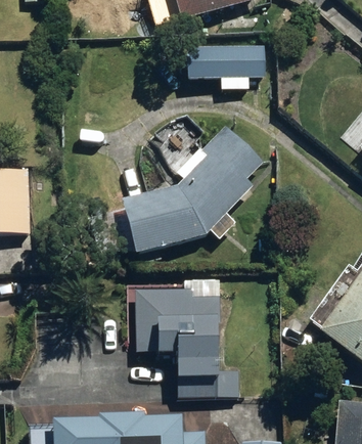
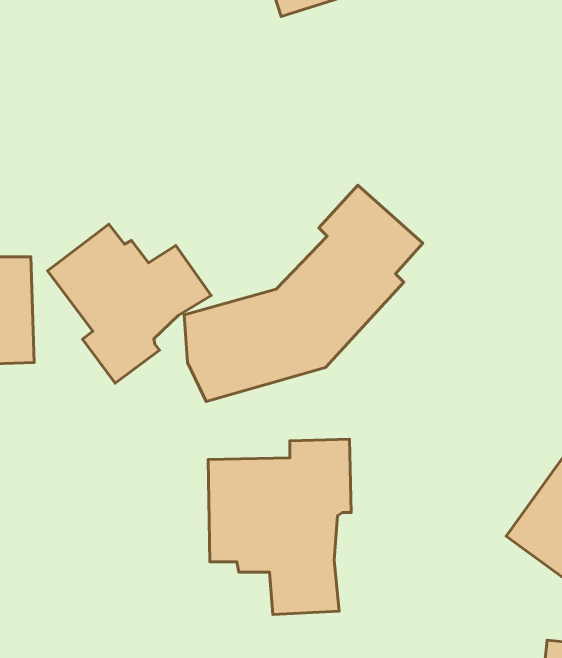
building: [188,41,266,86] -> none
building: none -> [48,224,211,383]

